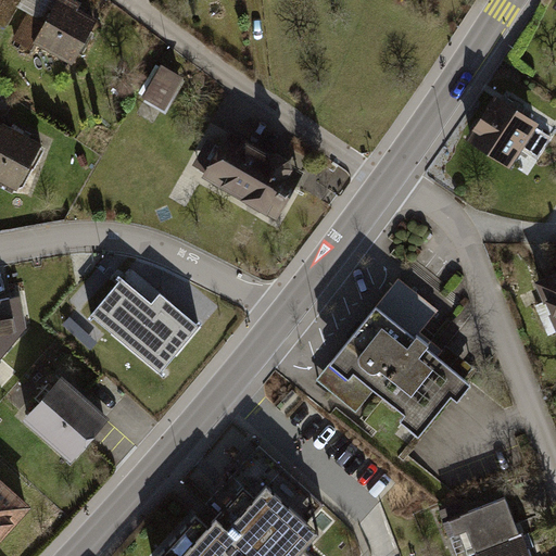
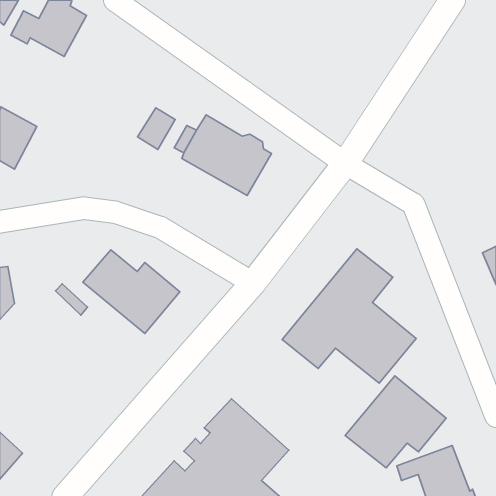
building: [141,62,184,109] -> [137,108,175,150]
building: [470,100,548,163] -> none
building: [24,377,110,463] -> none
building: none -> [345,376,446,468]

